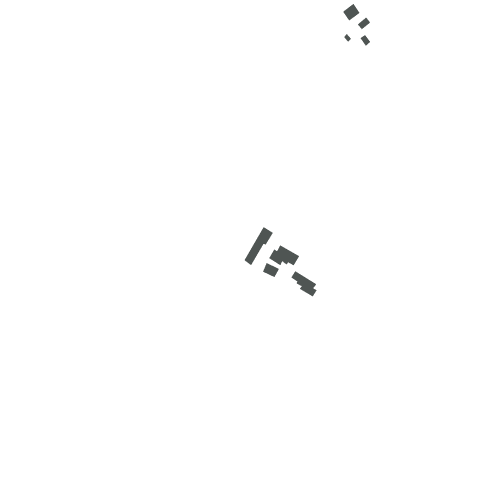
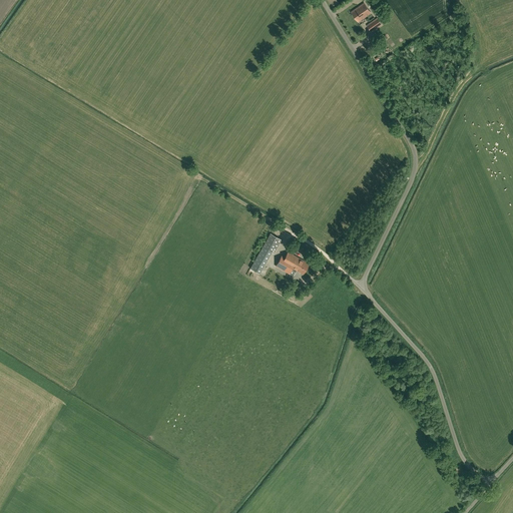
building: [291,270,318,297] -> none

